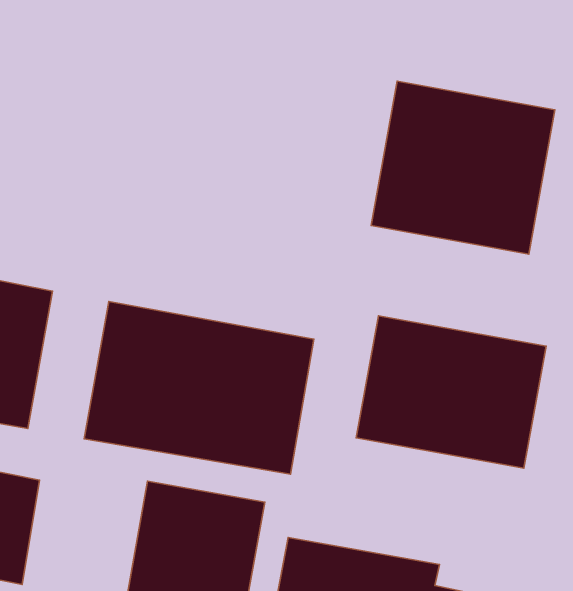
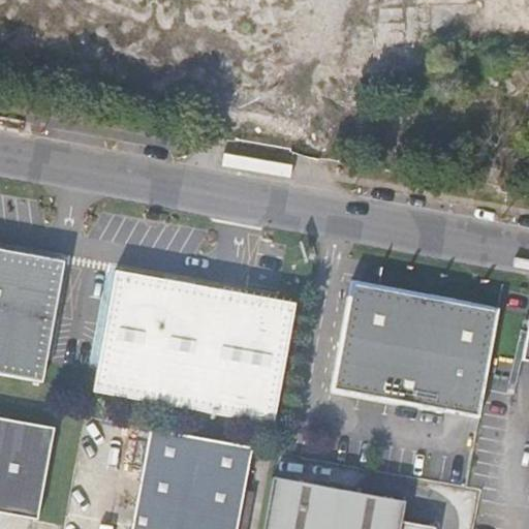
building: [371,81,555,254] -> none

